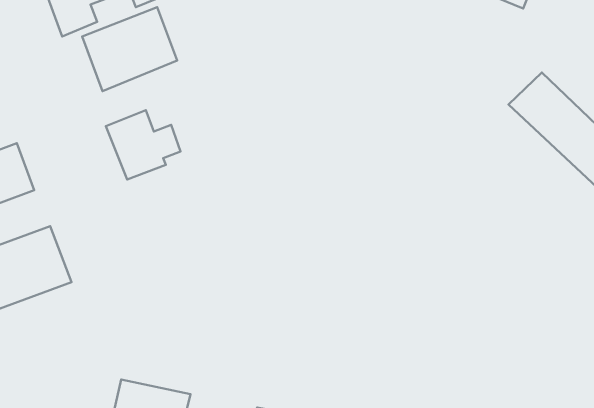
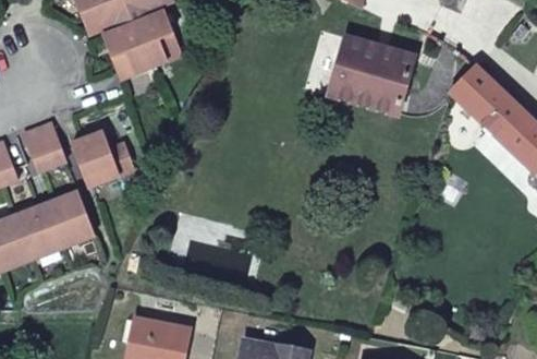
building: none -> [329,34,415,112]
building: [106,110,181,180] -> [70,131,131,188]

